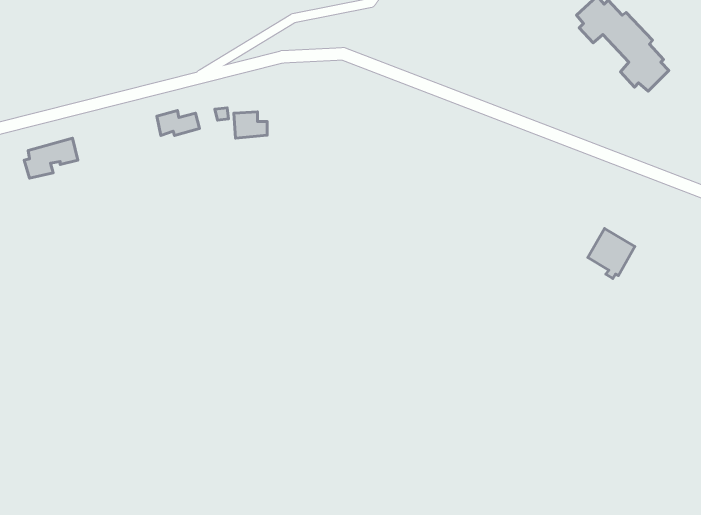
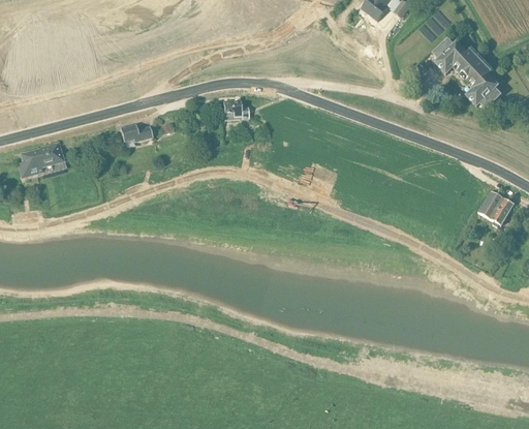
building: [234,112,267,138] -> [223,99,248,119]
building: [588,229,635,278] -> [479,189,515,226]

